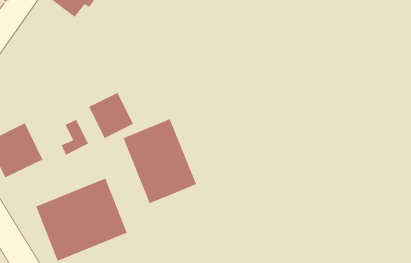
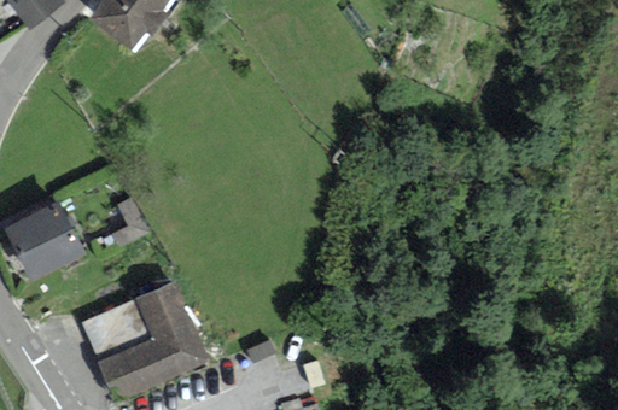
building: [88,92,134,139] -> none
building: [122,118,197,204] -> none

